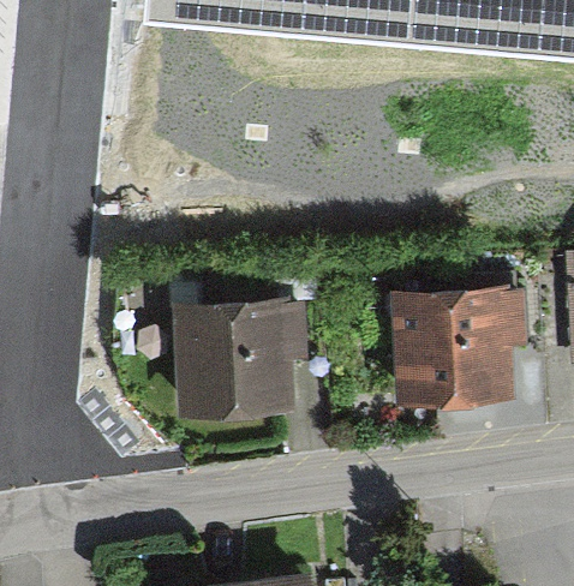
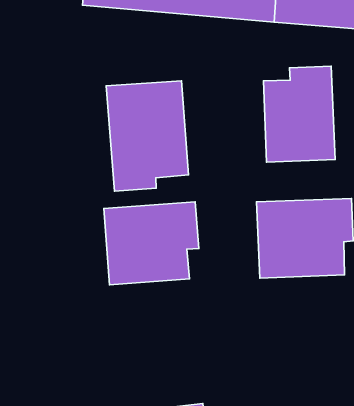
building: none -> [263,66,335,162]
building: none -> [106,81,189,191]

